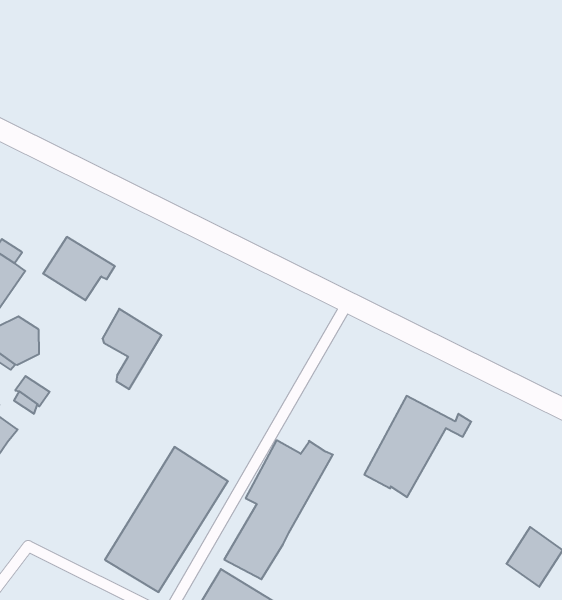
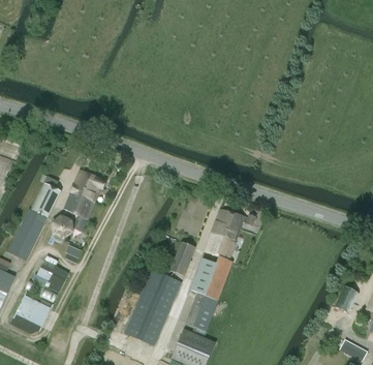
building: [102,309,162,389] -> [64,190,94,231]
building: [364,396,471,497] -> [205,208,255,260]
building: none -> [161,241,195,275]

